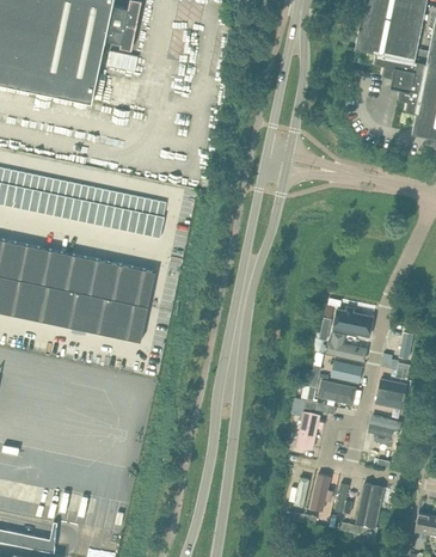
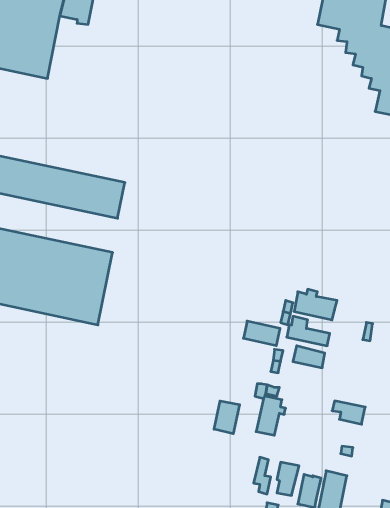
building: [377,379,406,409] -> none
building: [320,381,356,405] -> [243,321,280,346]
building: none -> [214,401,240,434]

